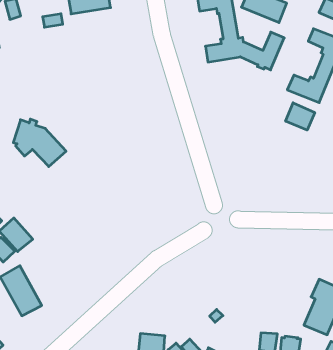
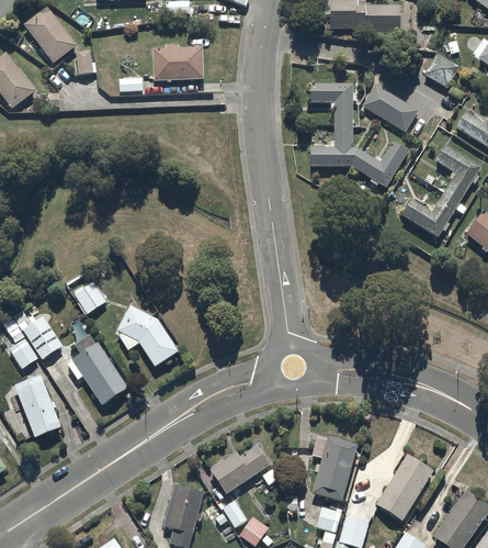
building: [286,103,315,130] -> none
building: [13,119,66,167] -> [116,304,179,367]
building: none -> [73,277,106,313]
building: none -> [67,334,128,405]
building: none -> [311,434,358,501]
building: none -> [209,445,270,494]

